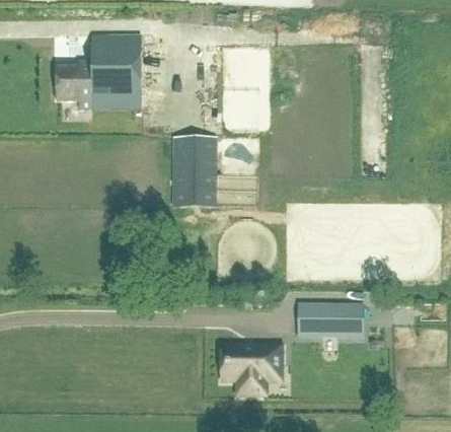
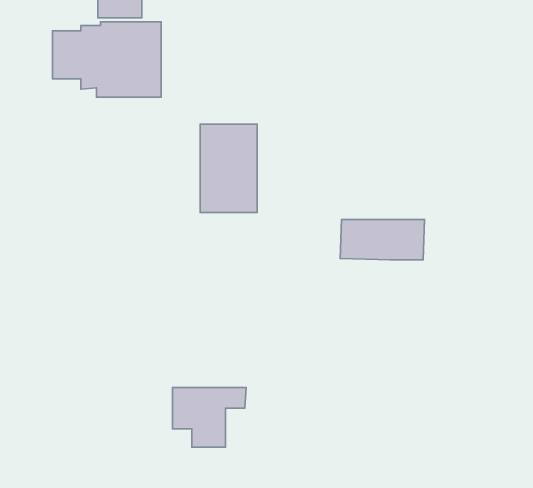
building: [298,303,364,335] -> [340,220,424,260]
building: [223,346,281,392] -> [172,387,246,447]

